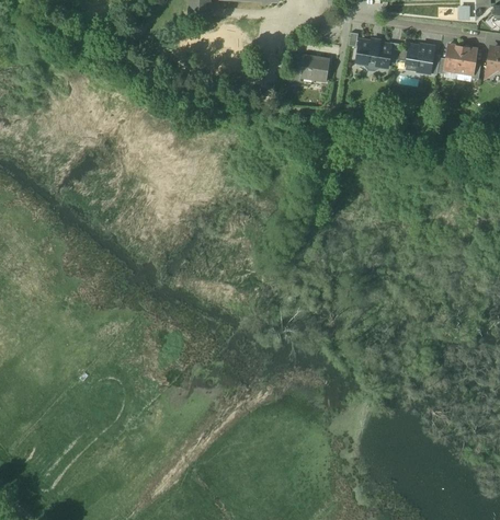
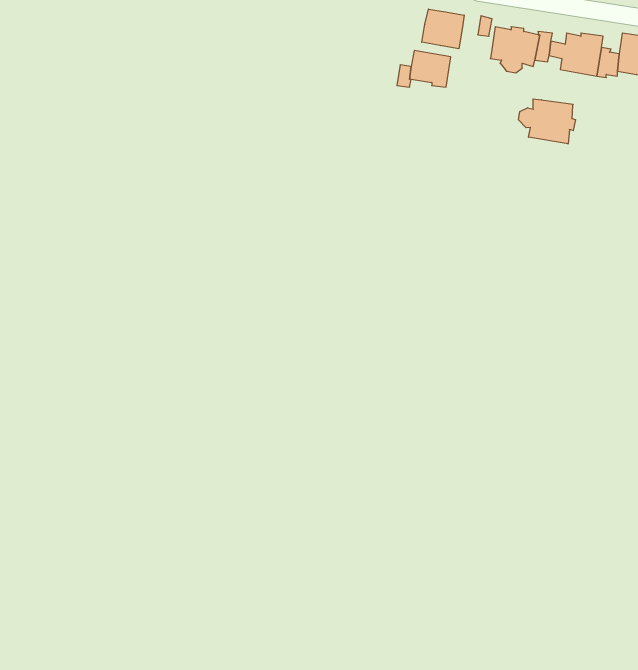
building: none -> [422,9,464,49]
building: none -> [519,99,576,144]

